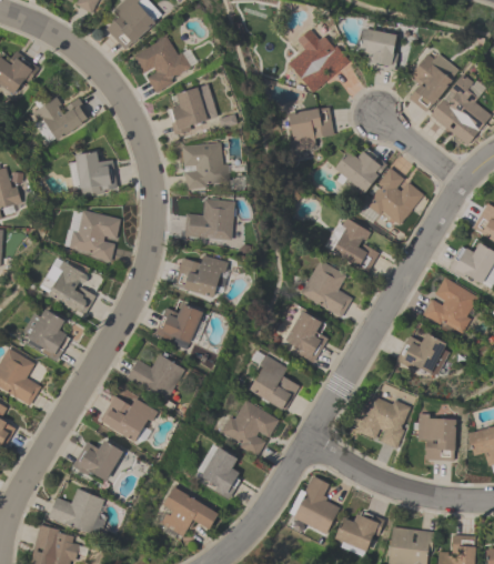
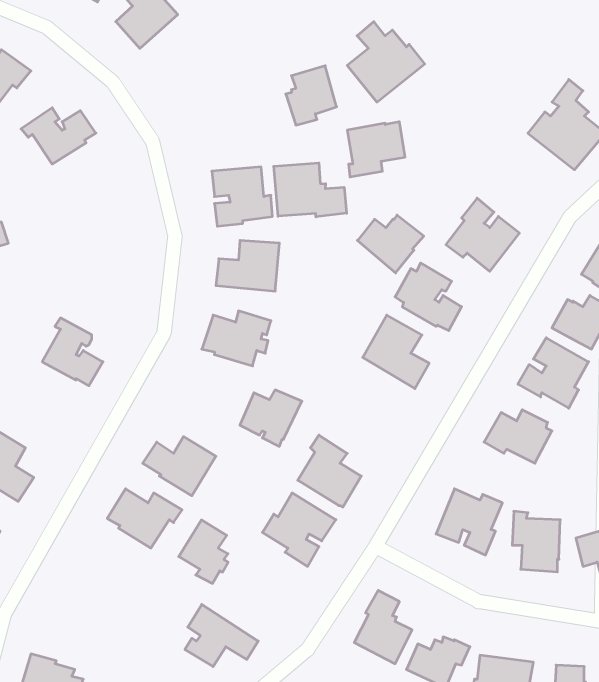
building: [357,29,397,71] -> none
building: [133,36,193,92] -> none
building: [409,53,458,112] -> none
building: [167,88,206,134] -> [286,66,337,125]
building: none -> [274,163,347,217]
building: [334,148,386,193] -> [357,215,424,273]
building: [74,152,117,195] -> none
building: [68,209,120,261] -> none
building: [154,305,203,350] -> [240,390,302,446]
building: [23,310,67,360] -> none
building: [283,311,326,362] -> none
building: [72,441,123,482] -> none
building: [200,446,239,496] -> [179,520,228,583]
building: [48,489,107,537] -> none

